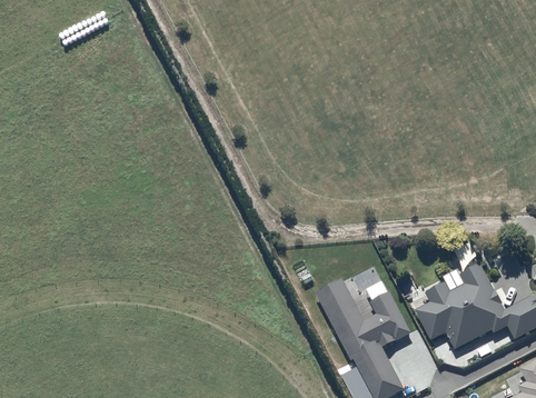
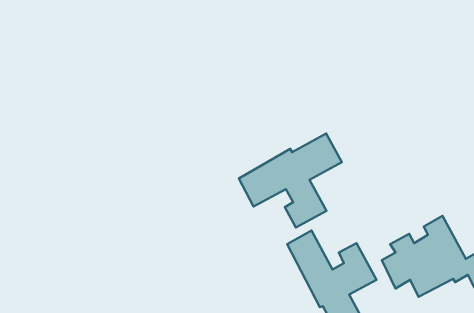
building: none -> [239,133,342,227]

